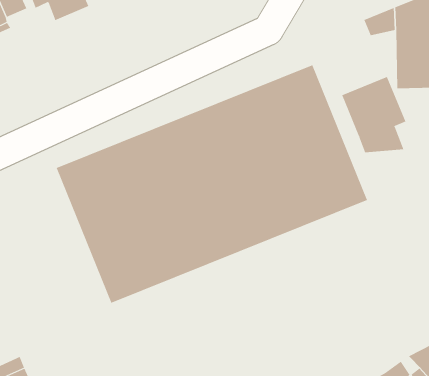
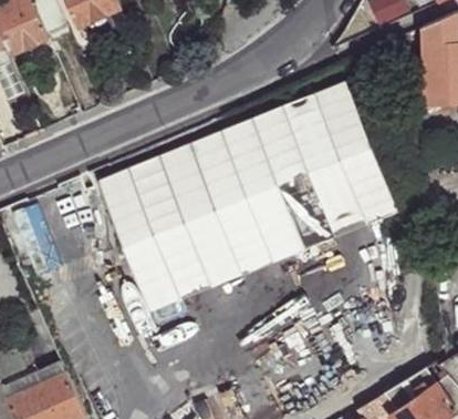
building: [341,76,406,153] -> none

